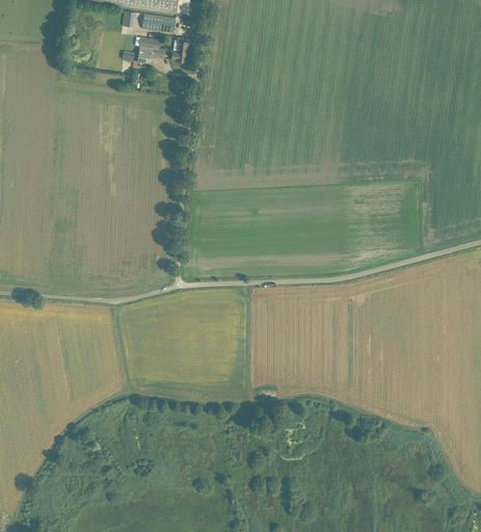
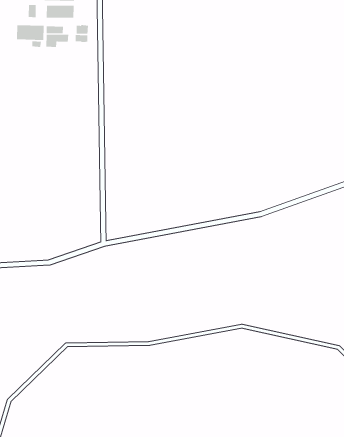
building: none -> [16,25,45,41]

